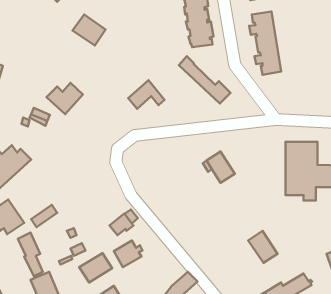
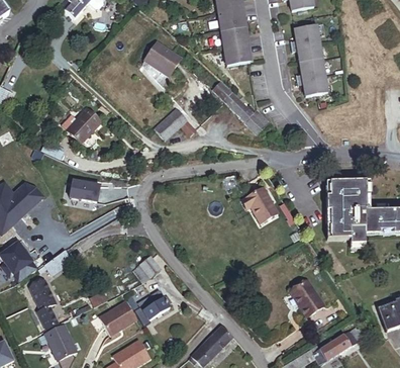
building: [73,14,105,46] -> [144,42,182,78]
building: none -> [69,180,96,205]

